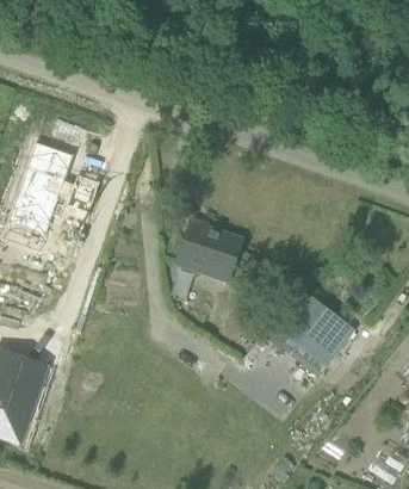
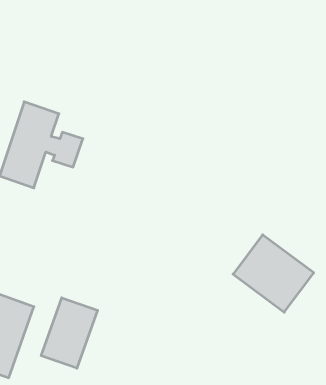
building: [178,218,243,279] -> none
building: none -> [41,298,98,368]

